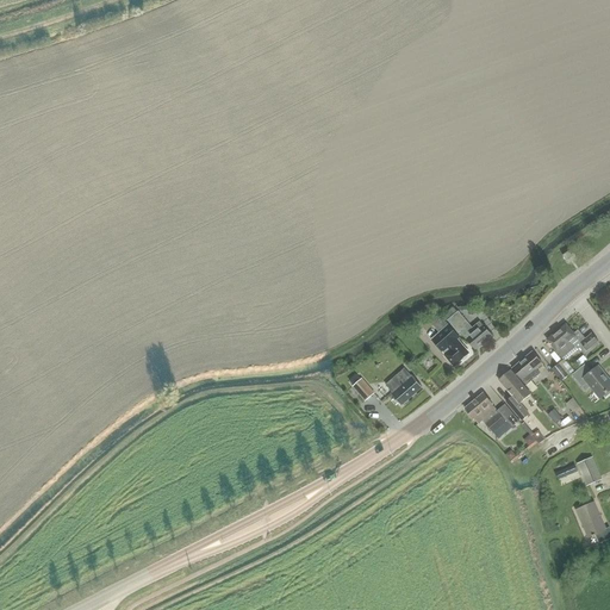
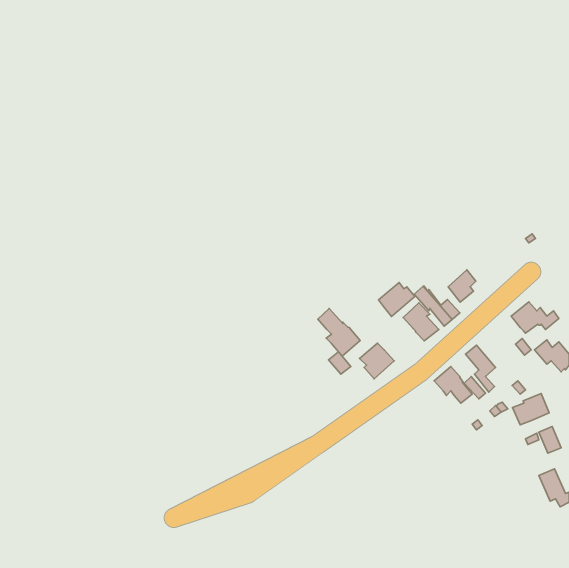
building: none -> [379,282,415,316]
building: none -> [318,309,360,356]
building: [512,350,542,385] -> [448,270,476,302]
building: none -> [513,394,549,425]

